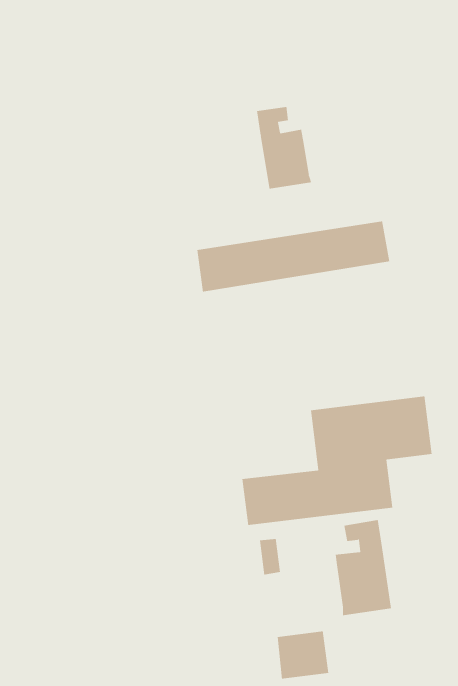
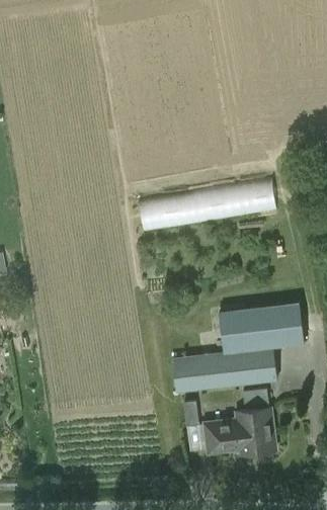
building: [257,106,312,190] -> none
building: [277,631,329,679] -> [206,420,242,453]

